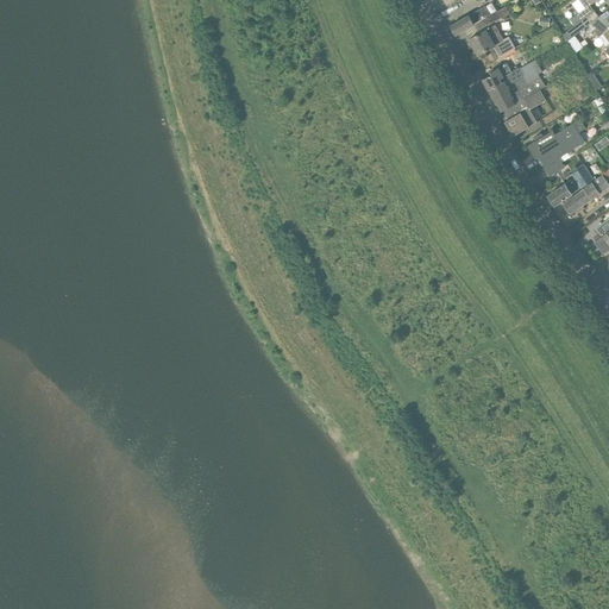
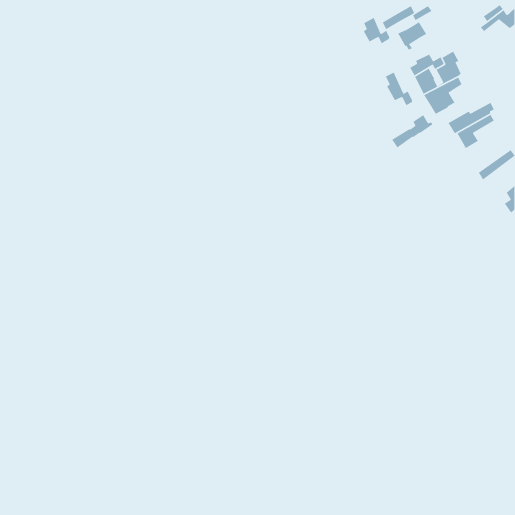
building: none -> [363,17,391,44]
building: none -> [385,72,414,106]
building: [547,165,597,206] -> [391,114,434,149]

